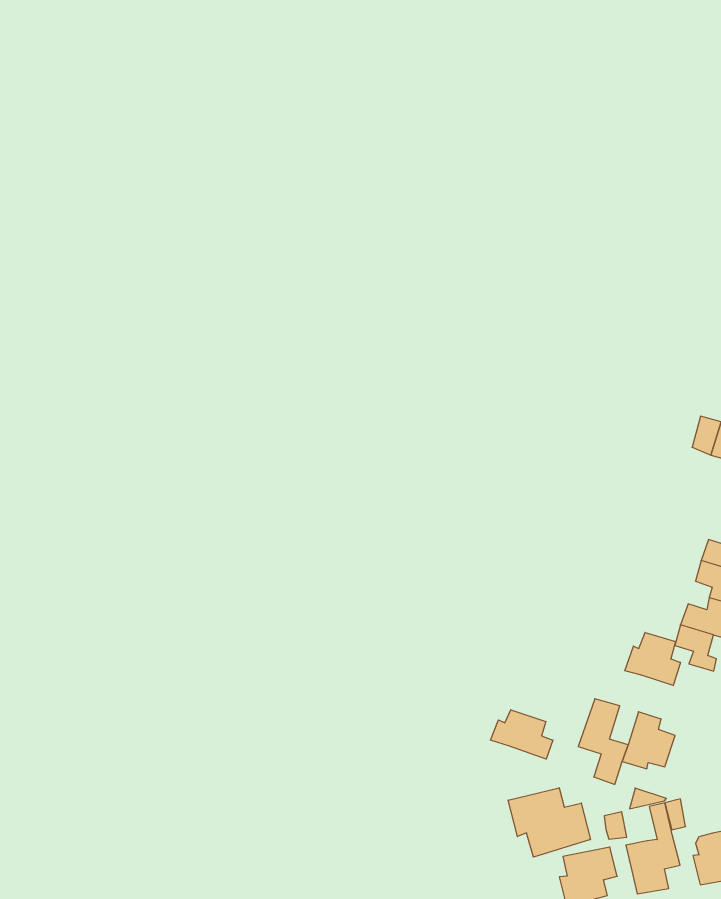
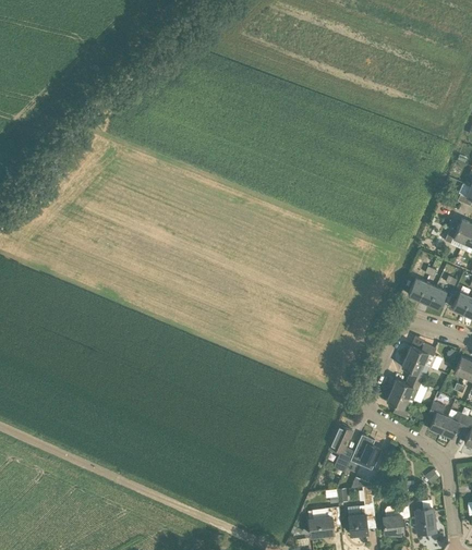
building: [625,632,680,686] -> none
building: [491,710,553,759] -> none
building: [508,788,590,857] -> none

